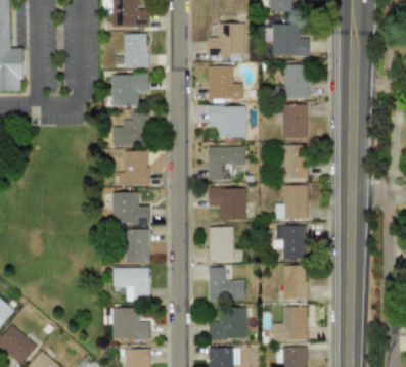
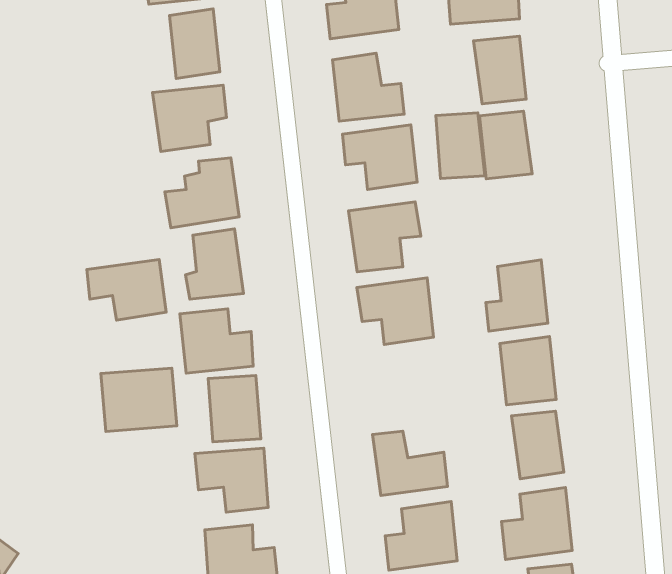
building: [283,144,307,179] -> [436,113,485,179]
building: none -> [87,260,166,320]
building: none -> [101,368,177,431]
building: [208,226,233,261] -> none

